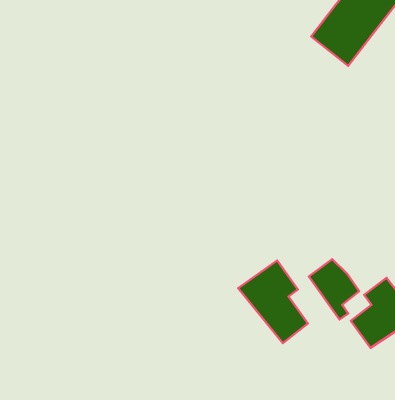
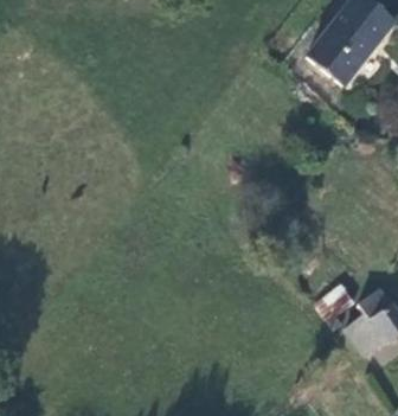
building: [238,260,308,343] -> none

